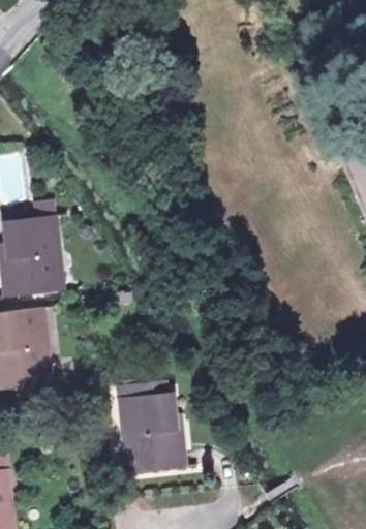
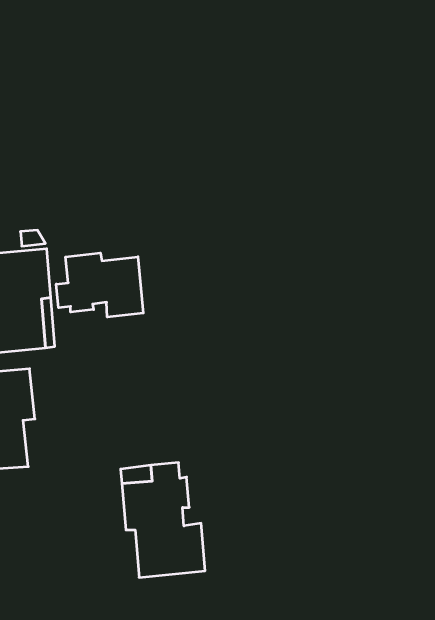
building: none -> [56,253,143,317]

